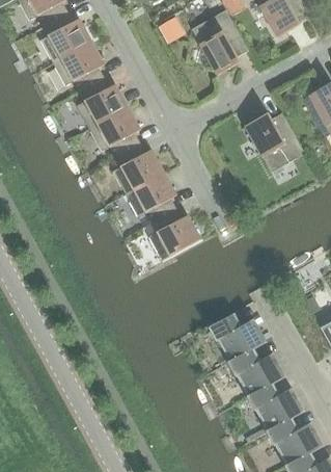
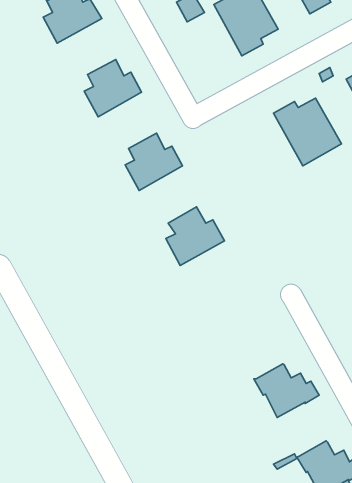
building: [53,41,105,90] -> none
building: [89,106,141,156] -> none
building: [126,172,176,222] -> none
building: [209,312,267,361] -> none
building: [247,382,305,429] -> none

